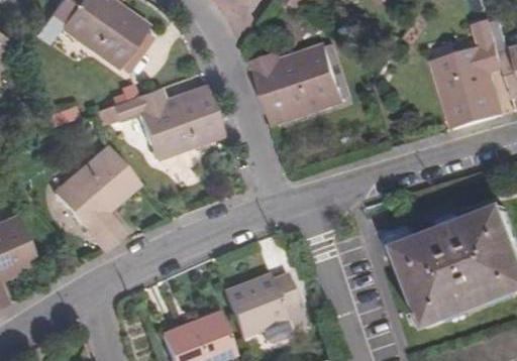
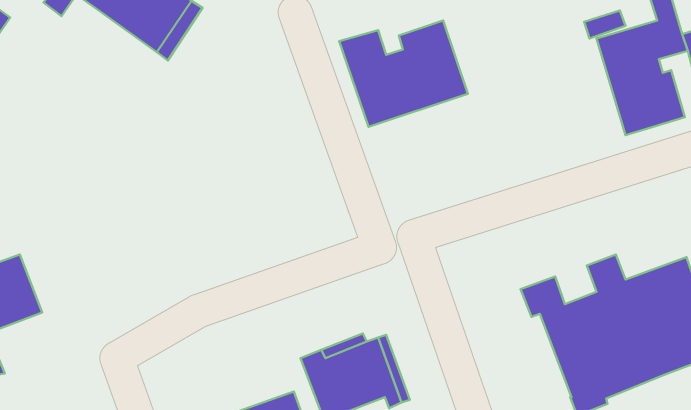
building: [113,86,221,156] -> none
building: [51,148,134,253] -> none

